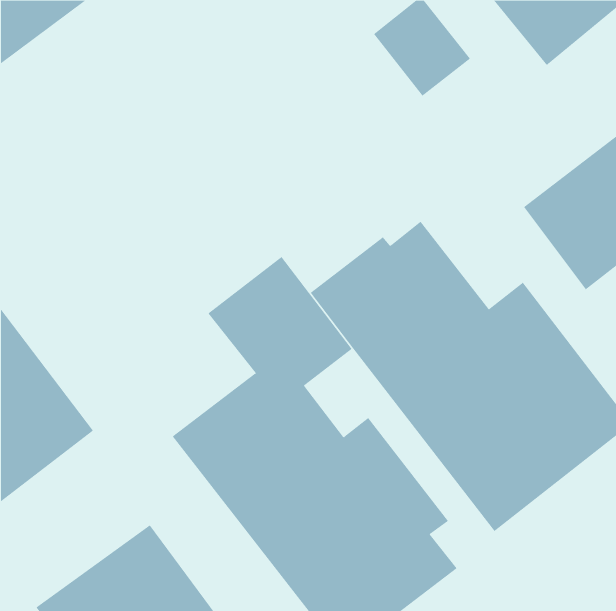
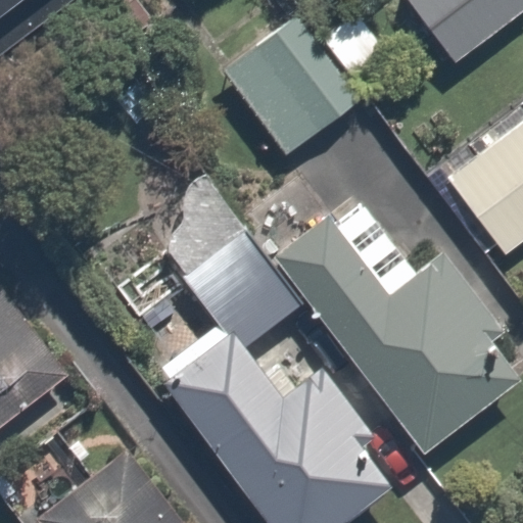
building: none -> [216,14,361,160]

